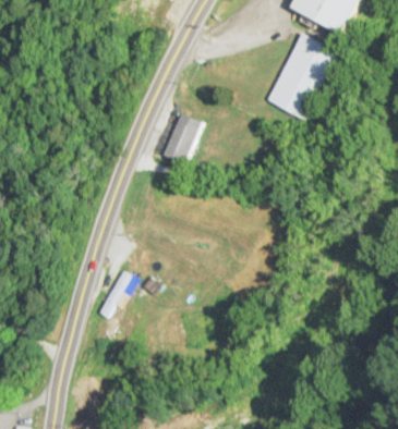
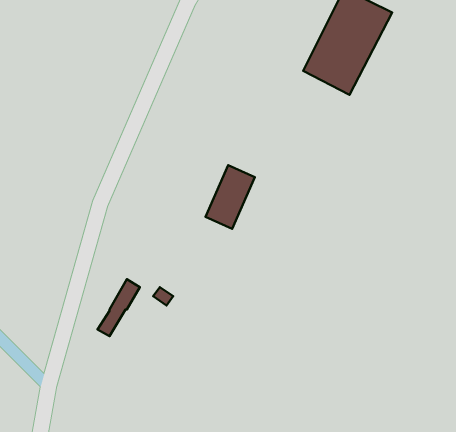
building: [161,112,202,164] -> [206,165,255,229]

